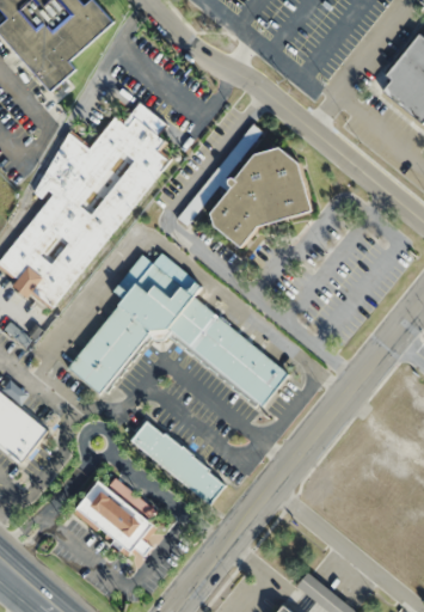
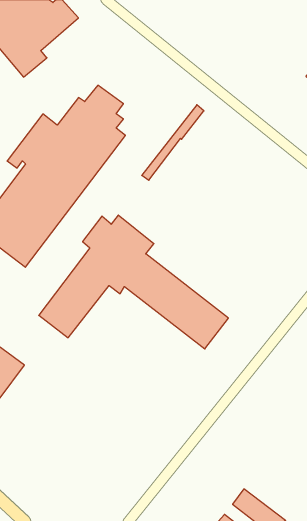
building: [205,147,313,247] -> none
building: [128,421,228,503] -> none
building: [72,478,164,562] -> none

